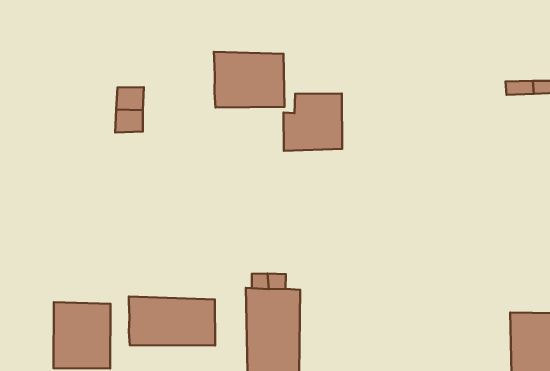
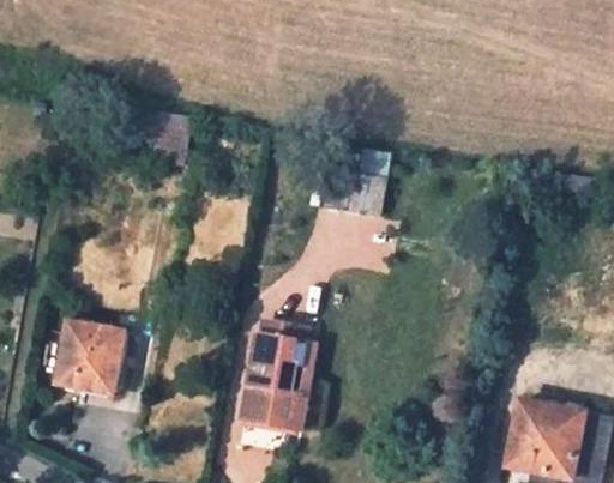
building: [214,52,284,107] -> none
building: [129,297,215,345] -> none

